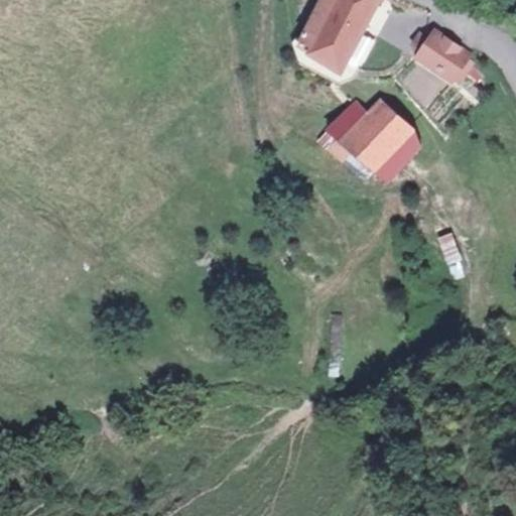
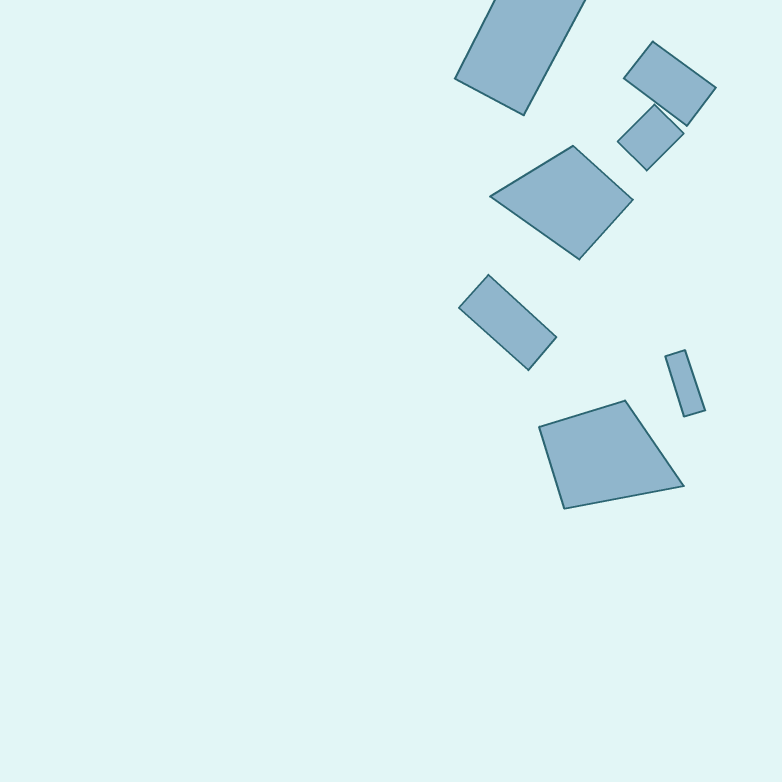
building: none -> [459,275,556,370]
building: none -> [539,400,684,509]

